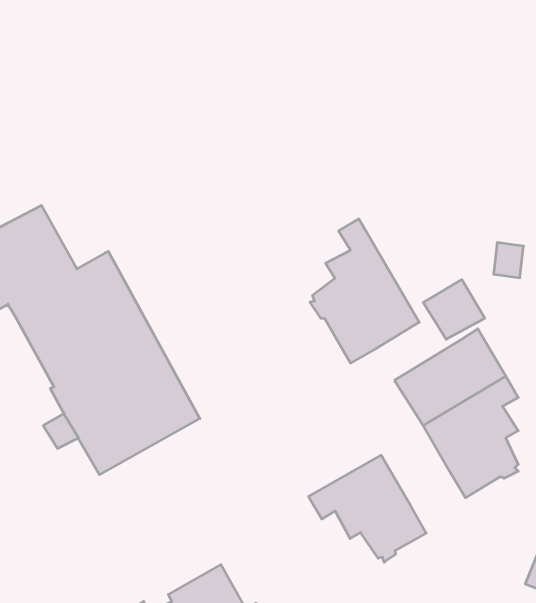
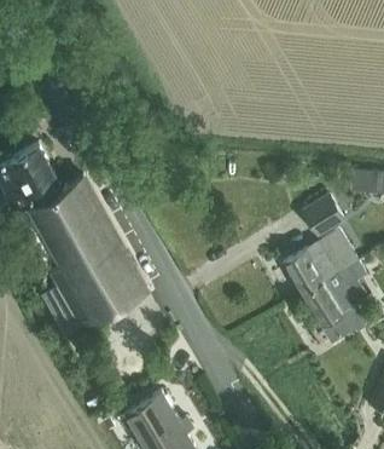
building: [310,219,419,363] -> none
building: [309,455,426,562] -> none

